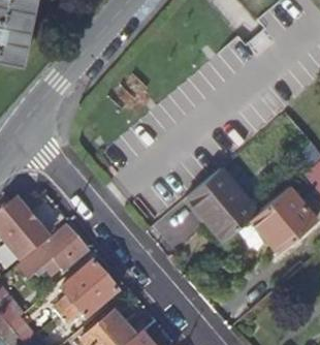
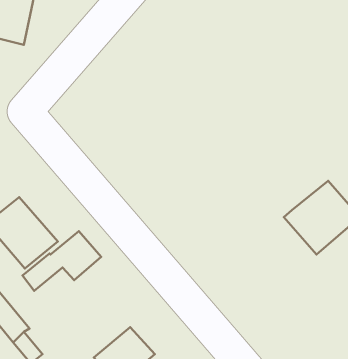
building: [187,167,258,240] -> none
building: [64,263,120,319] -> none

